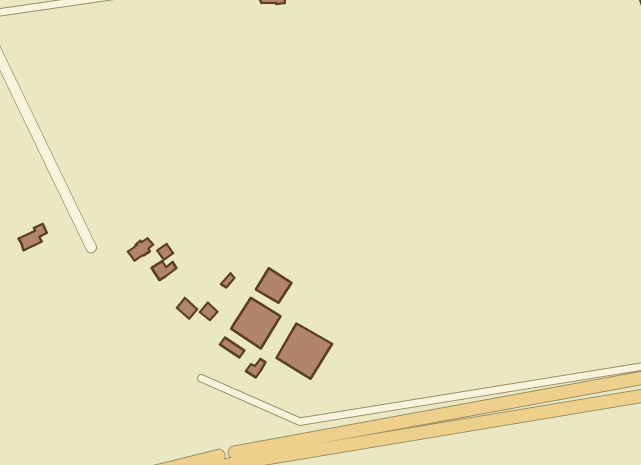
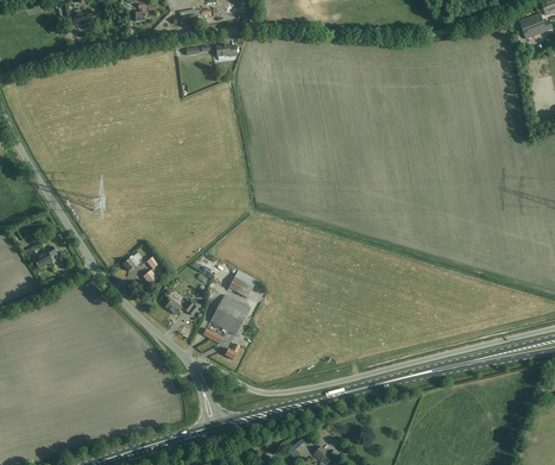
building: [276,324,332,379] -> none

